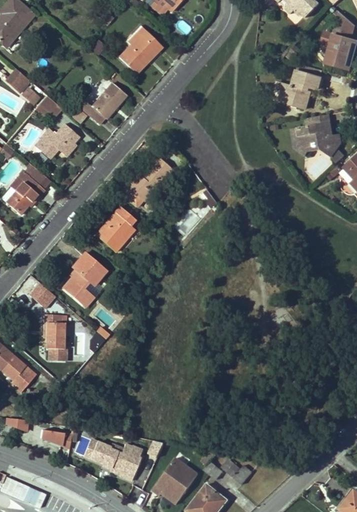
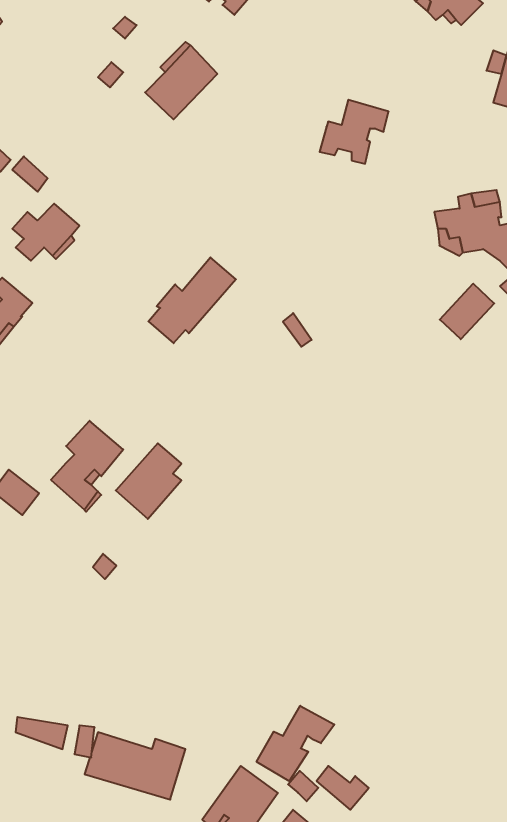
building: [280,71,321,109] -> [320,100,389,164]
building: [79,82,127,123] -> none
building: none -> [440,284,494,339]
building: [96,206,135,251] -> [116,443,181,519]
building: [44,312,67,348] -> none
building: none -> [257,706,334,781]

